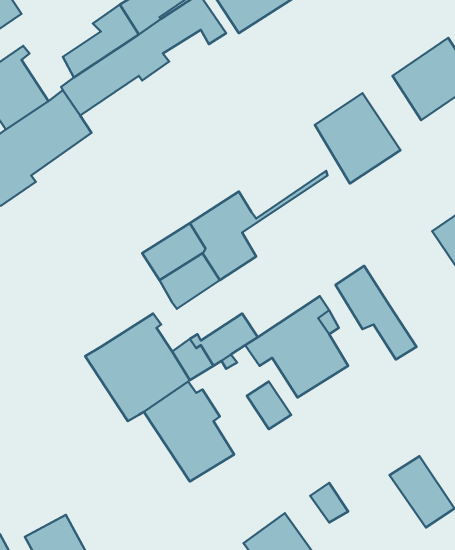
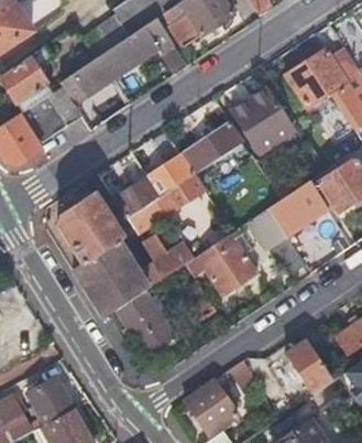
building: none -> [185,123,242,174]
building: none -> [268,182,325,235]
building: none -> [62,196,122,263]

